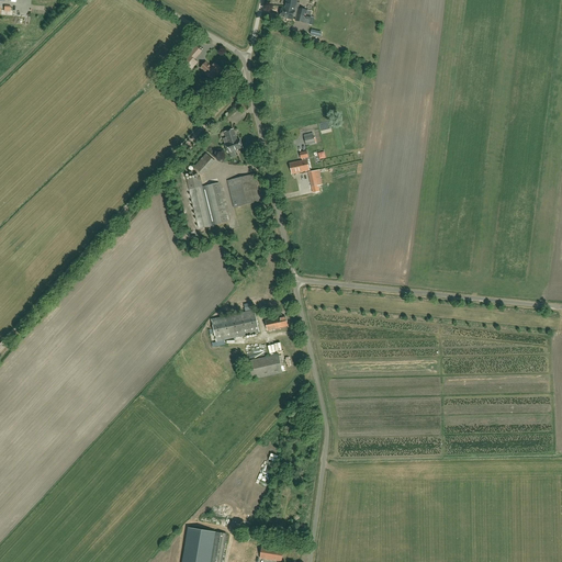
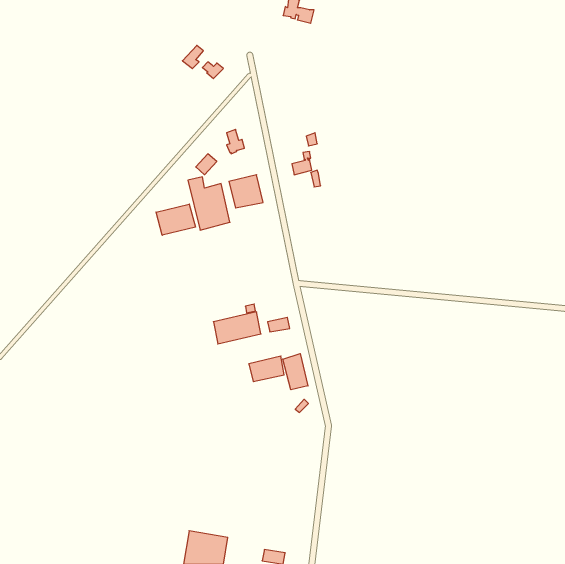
building: none -> [156,204,195,235]
building: none -> [283,354,308,390]

